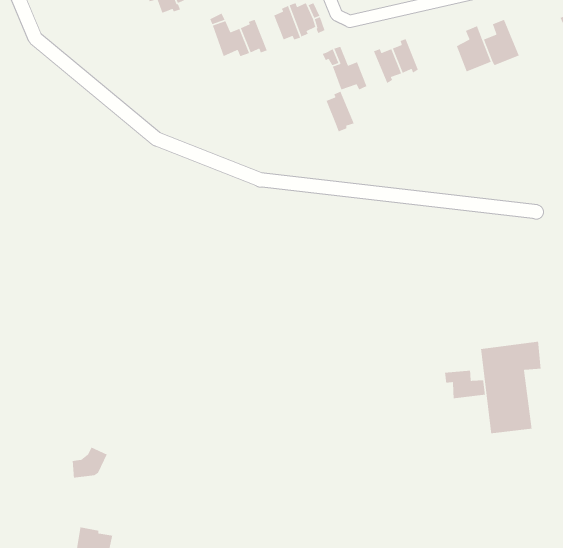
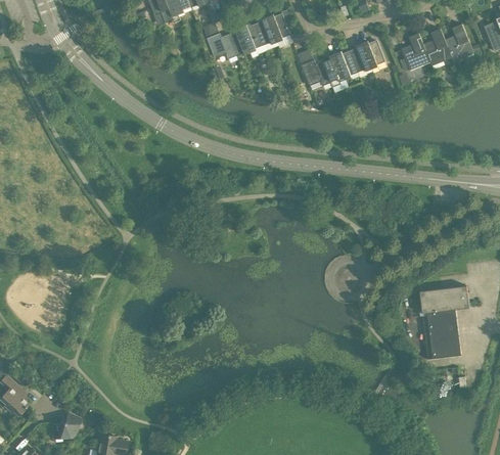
building: none -> [239,25,264,54]
building: none -> [444,25,472,61]
building: none -> [360,40,383,69]
building: [325,90,355,133] -> [321,53,345,87]
building: [444,370,486,399] -> none
building: [72,446,108,478] -> [52,413,81,439]

